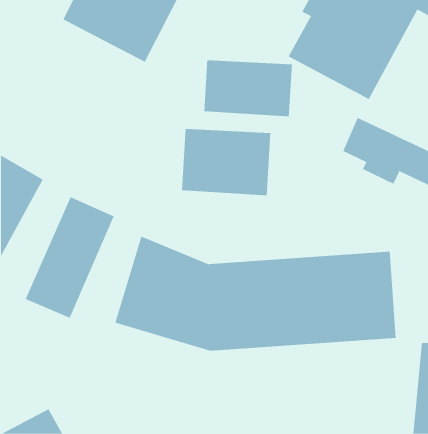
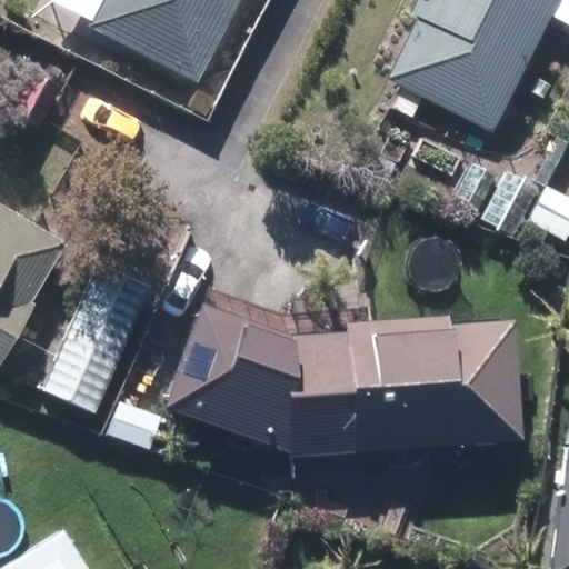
building: [204,59,292,117] -> none
building: [182,128,271,196] -> none

